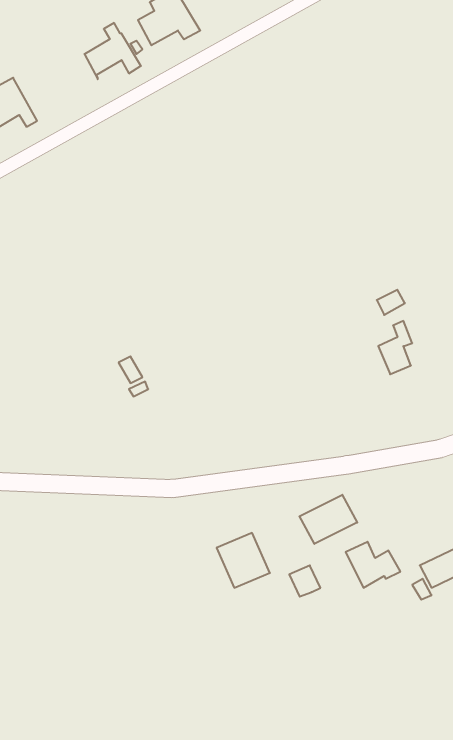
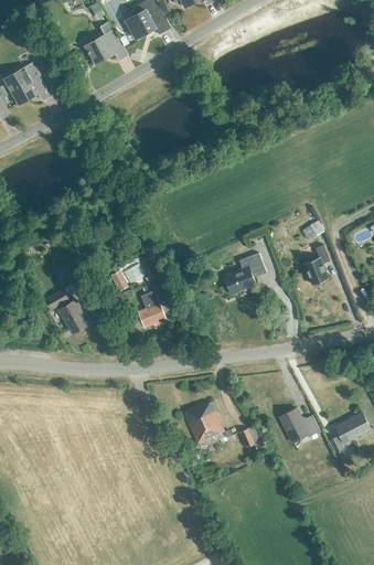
building: none -> [224,252,267,294]
building: none -> [49,289,92,331]
building: none -> [133,290,165,328]
building: [299,495,357,544] -> none

